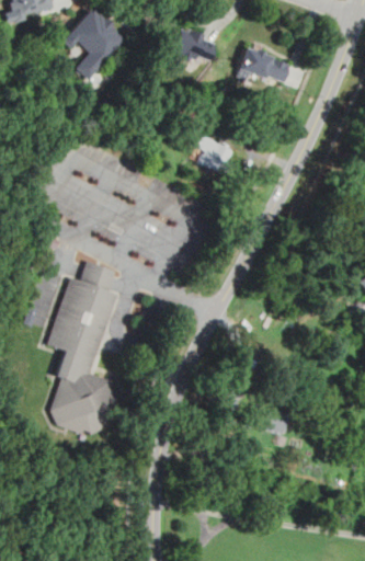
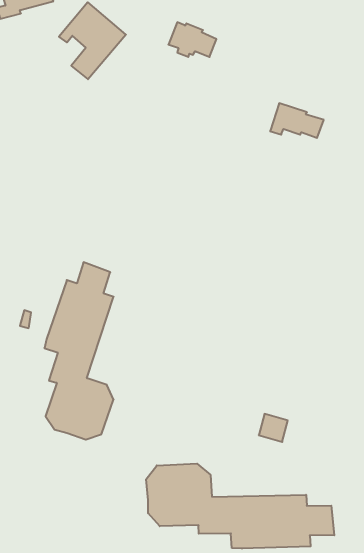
building: [237,47,289,81] -> [270,103,324,138]
building: [197,135,233,176] -> none
building: none -> [146,464,334,549]

